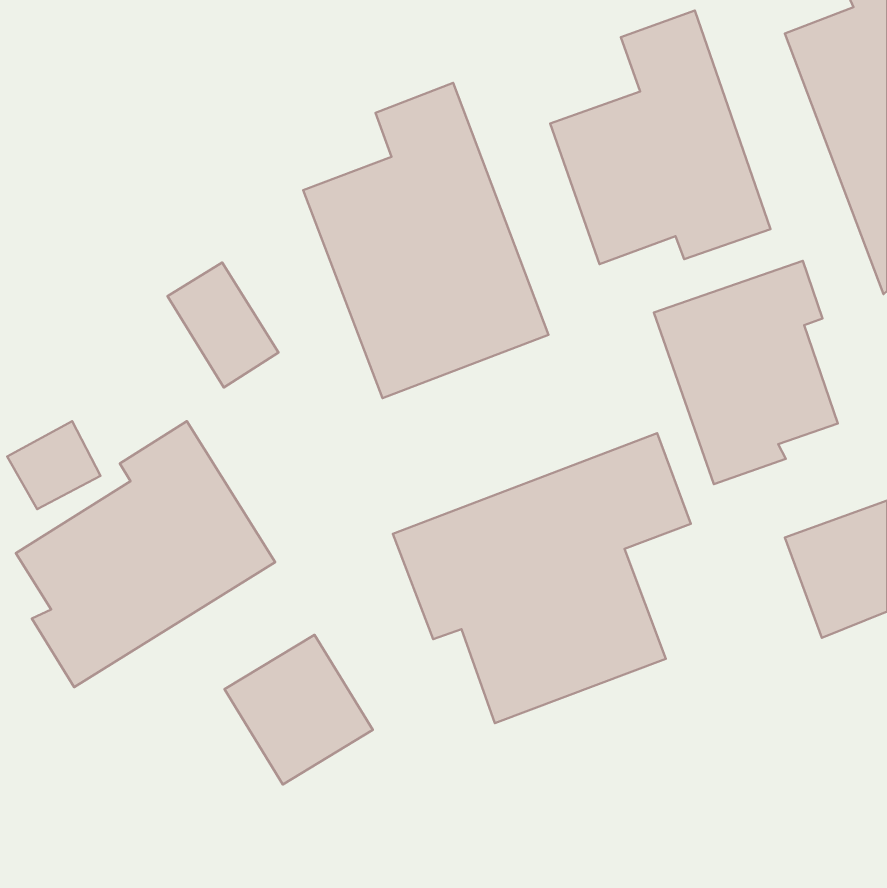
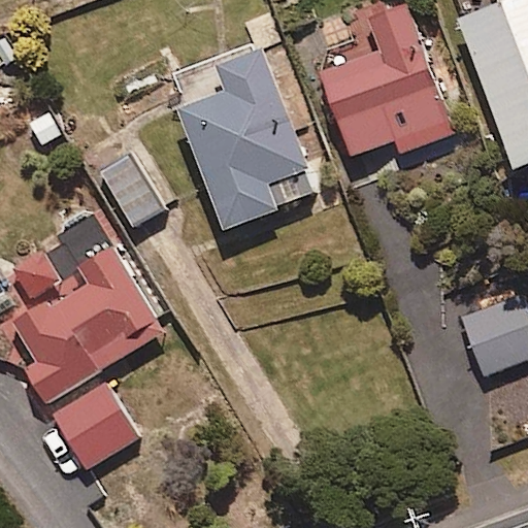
building: [654,261,838,484] -> none
building: [393,433,691,723] -> none
building: [225,635,373,784] -> [51,381,137,468]

